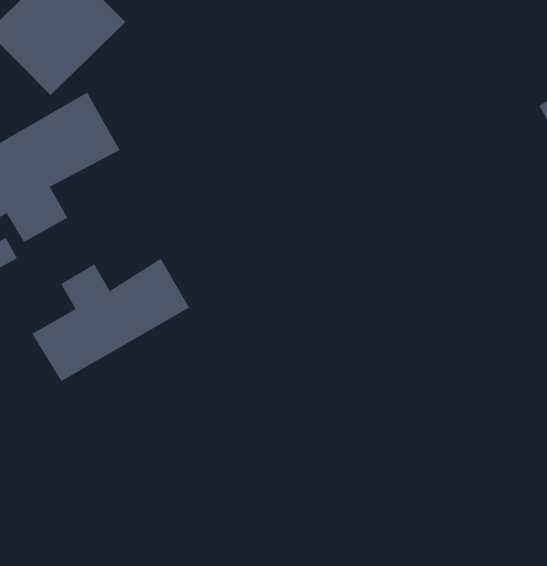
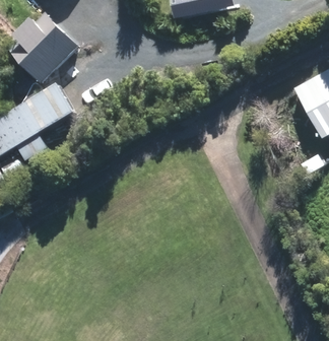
building: [31,258,190,382] -> none

